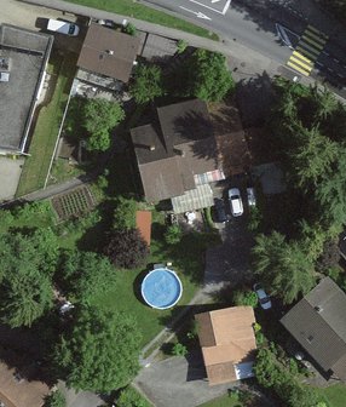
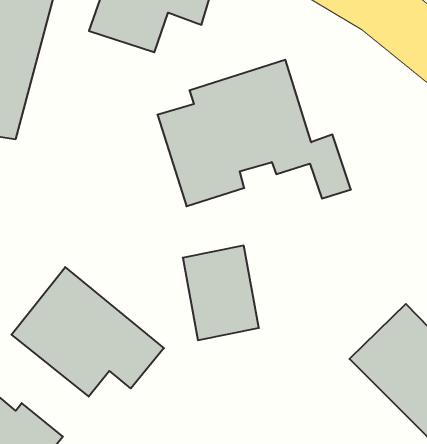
building: none -> [11,267,164,397]
building: [196,310,256,385] -> [183,246,259,340]

